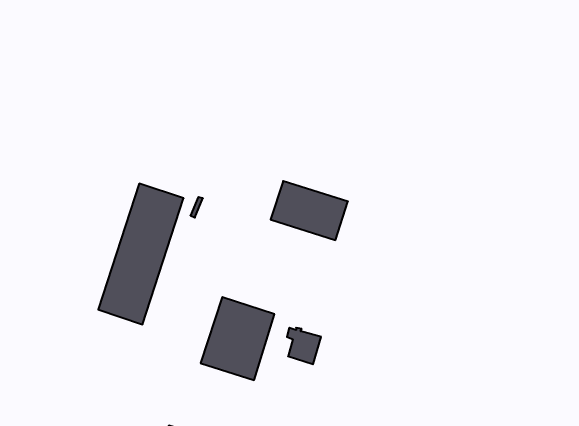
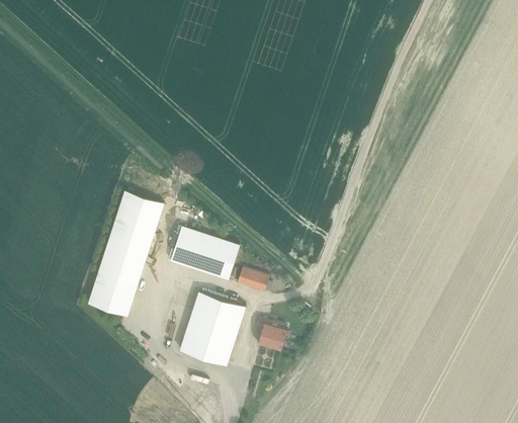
building: [271,181,348,240] -> [170,227,239,279]
building: none -> [237,268,268,292]

